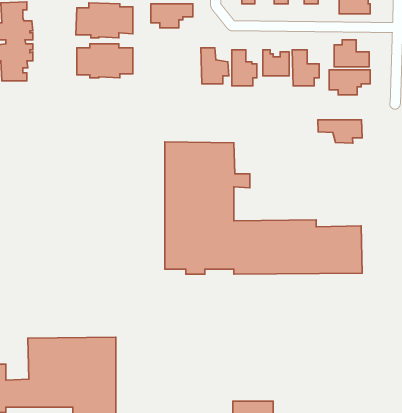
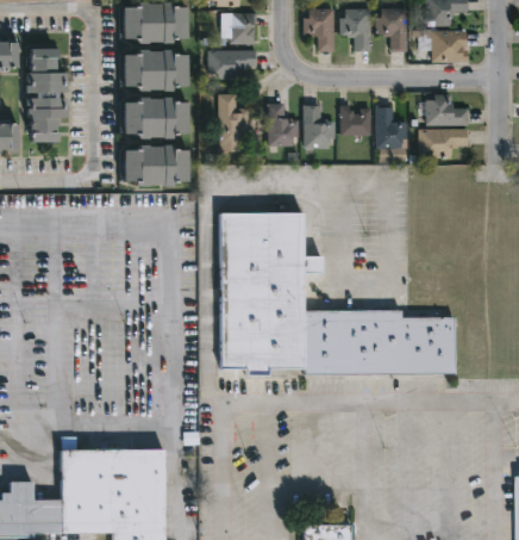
building: none -> [218,94,249,151]
building: none -> [119,144,186,186]
building: [318,120,362,143] -> none

